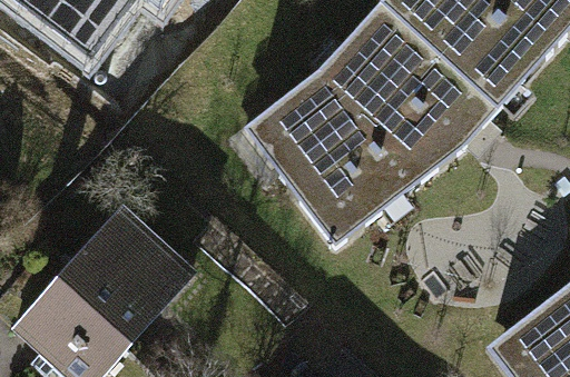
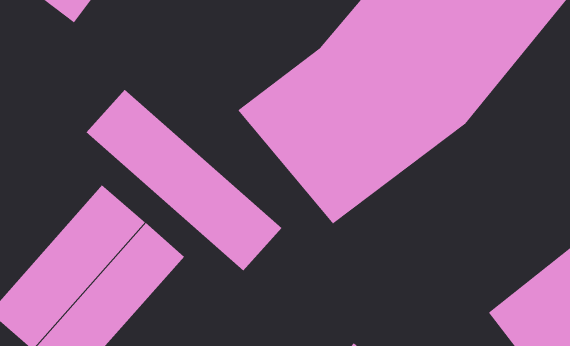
building: none -> [86,89,283,272]

